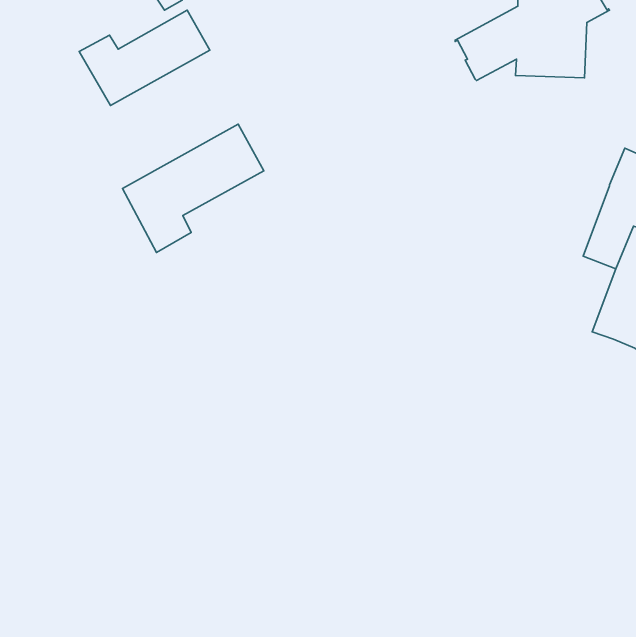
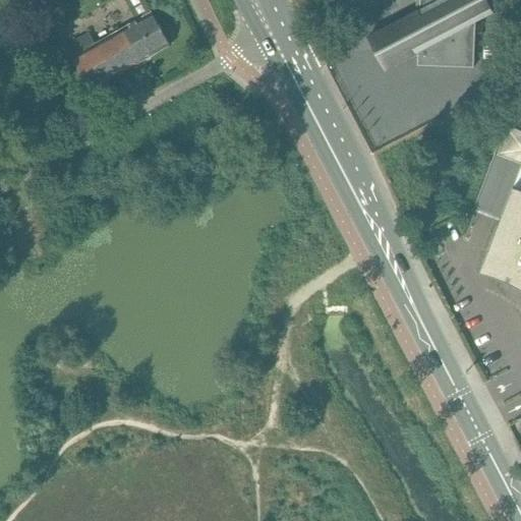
building: [122,124,264,252] -> none

